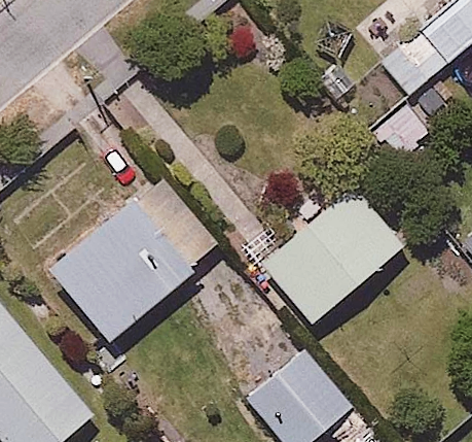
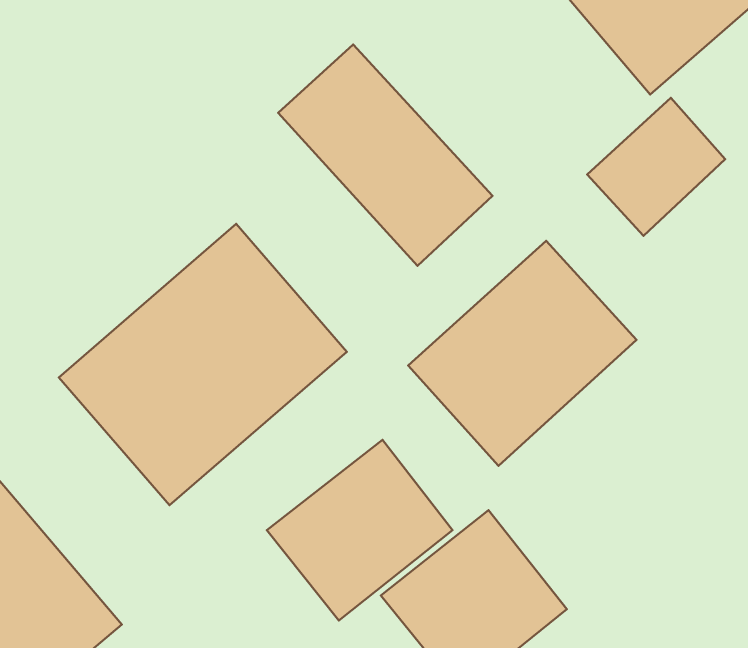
building: none -> [278,45,492,266]
building: none -> [267,440,453,621]

